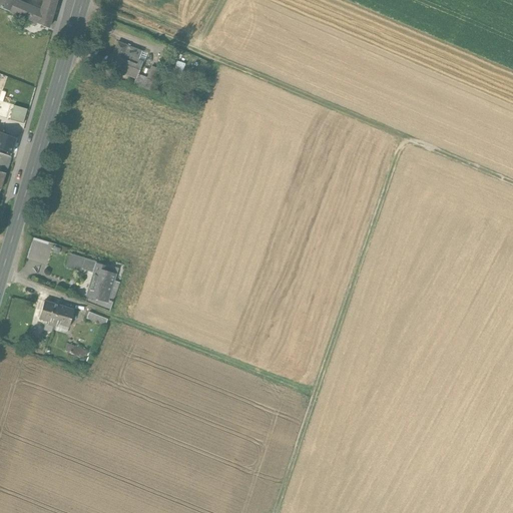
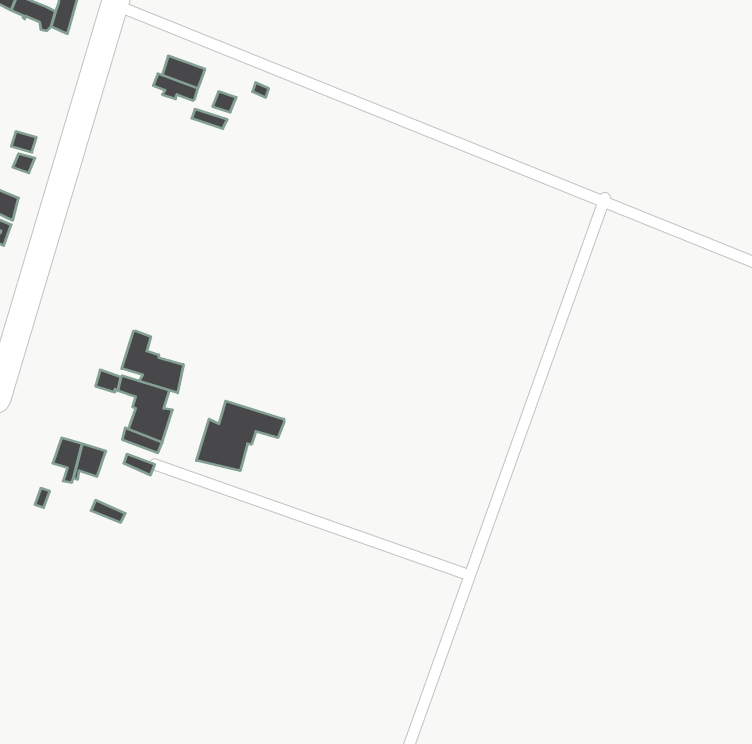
building: none -> [122,331,183,393]
building: none -> [196,401,284,471]

